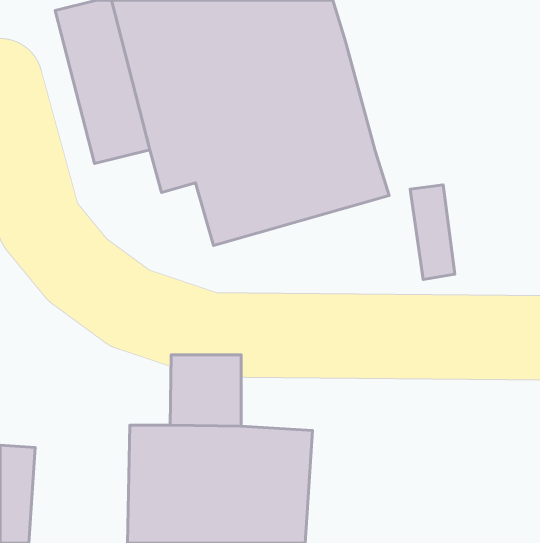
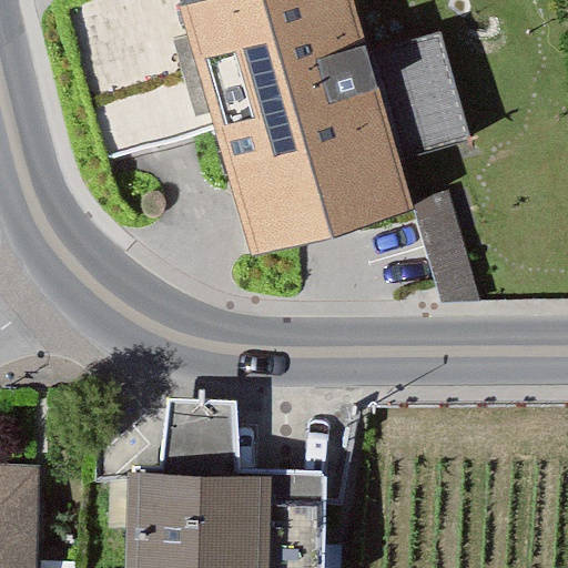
building: none -> [364,26,460,158]

